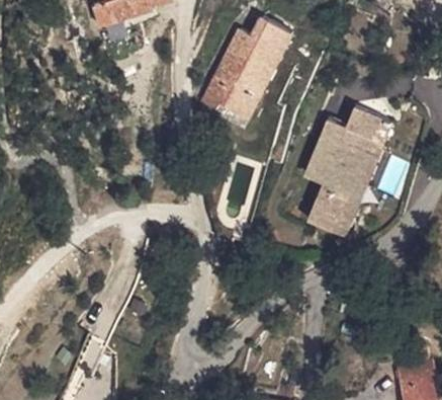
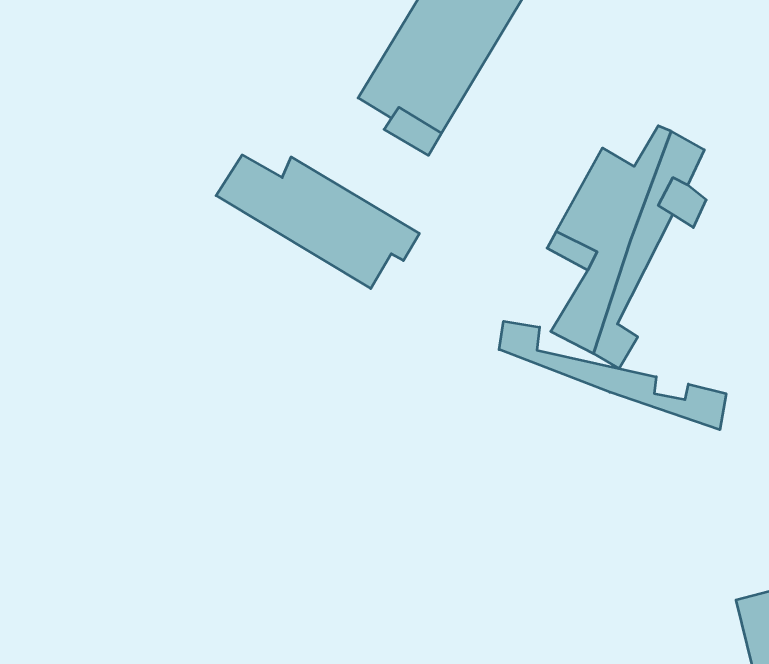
building: none -> [216,155,419,289]
building: none -> [499,321,726,430]

